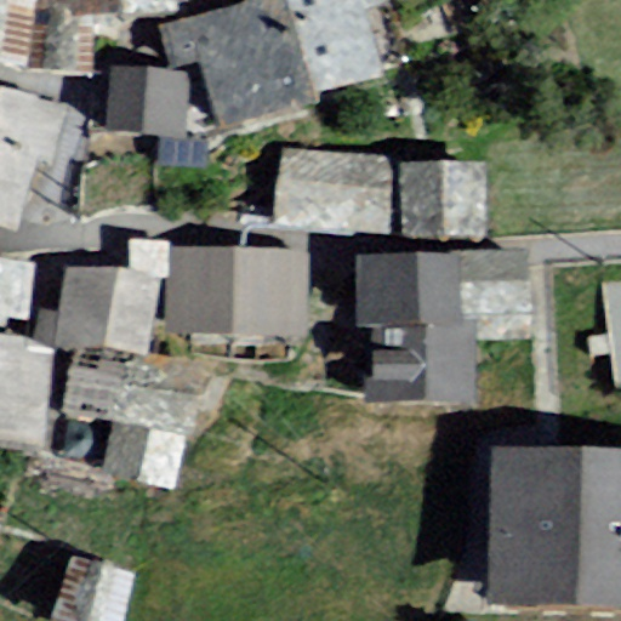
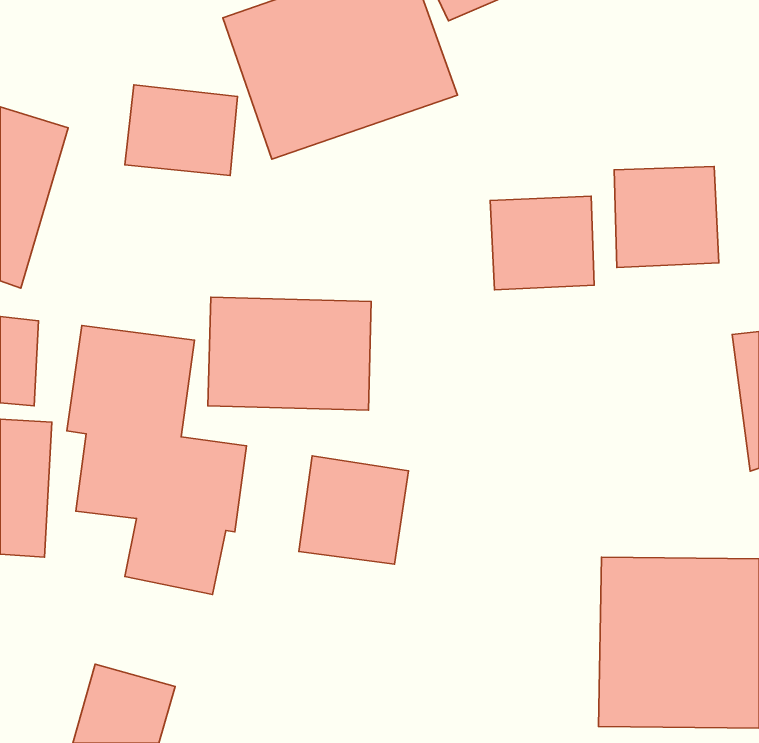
building: none -> [614,167,719,267]
building: [275,147,388,229] -> none
building: [355,251,530,400] -> none
building: none -> [299,456,409,564]

